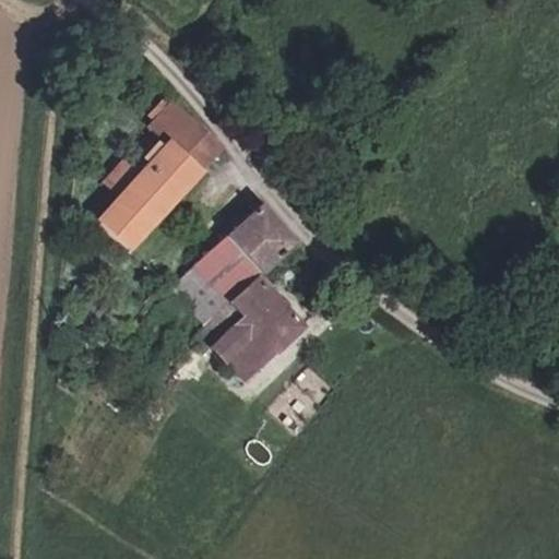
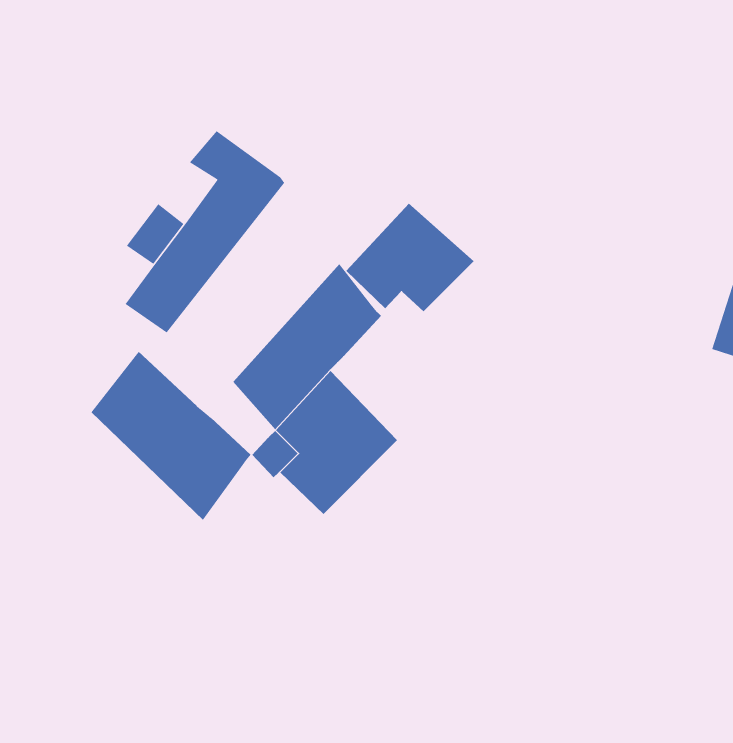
building: none -> [345,203,475,312]
building: none -> [90,351,252,521]

